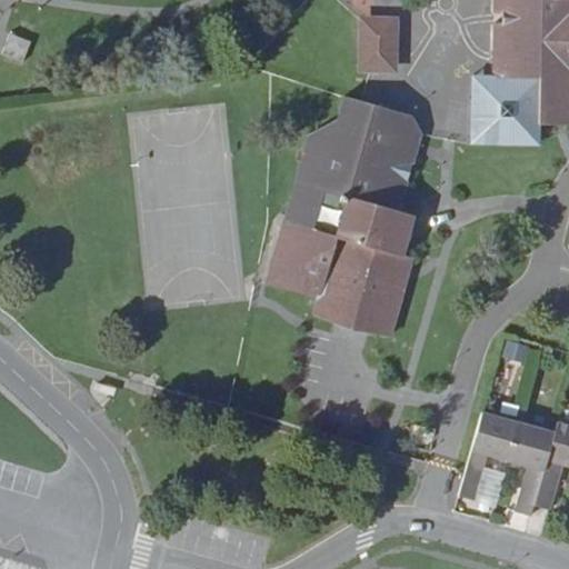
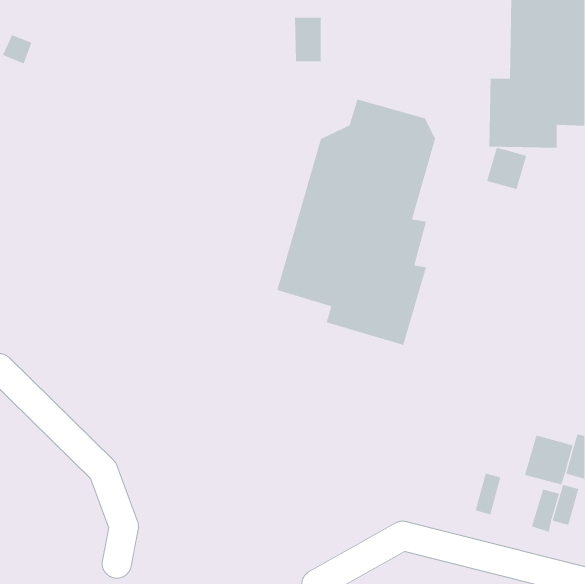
building: [366,23,392,67] -> [294,17,322,62]
building: none -> [486,147,527,190]
building: [472,411,519,460] -> none

